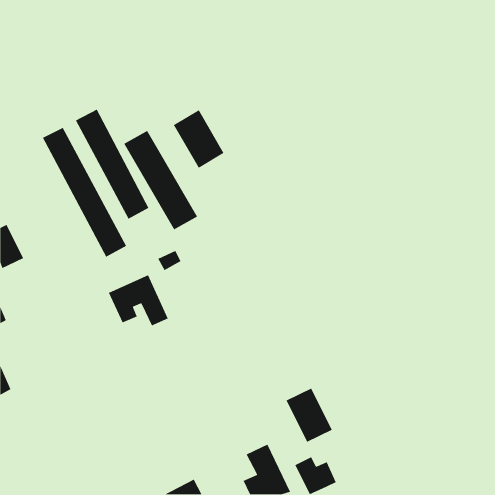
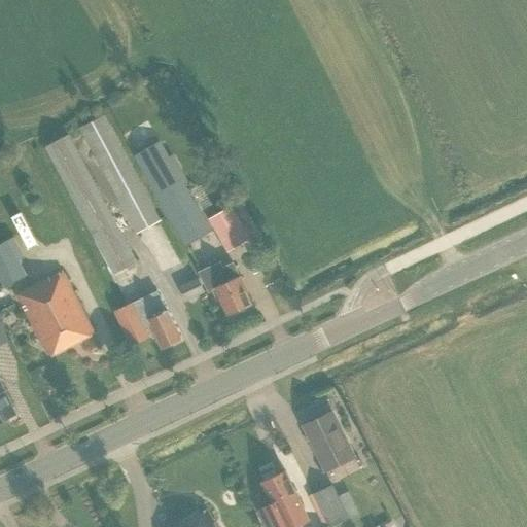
building: [173,109,225,169] -> none
building: none -> [208,206,248,251]
building: none -> [199,262,251,316]
building: none -> [15,271,93,356]

